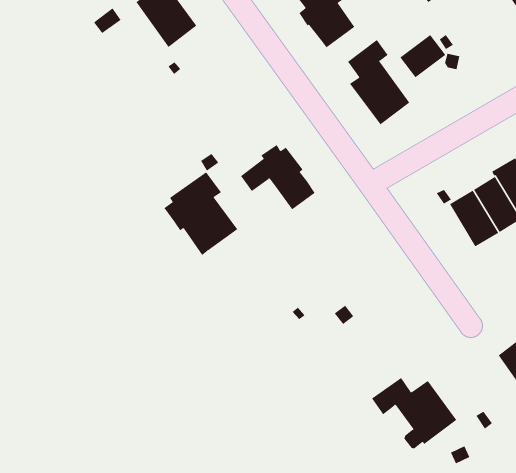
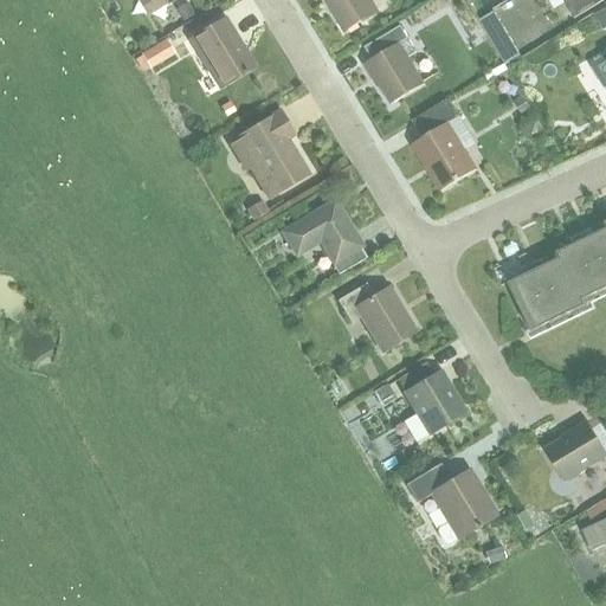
building: [400,34,446,78] -> none
building: [164,171,238,256] -> [231,109,309,199]
building: none -> [337,281,415,349]
building: none -> [398,360,464,440]

